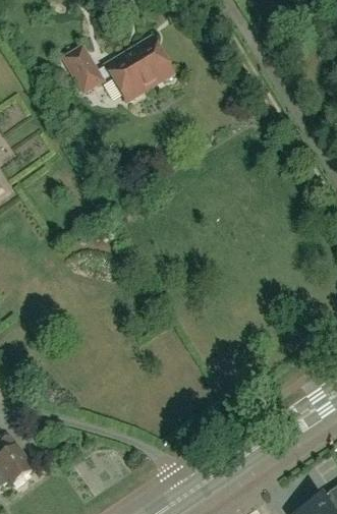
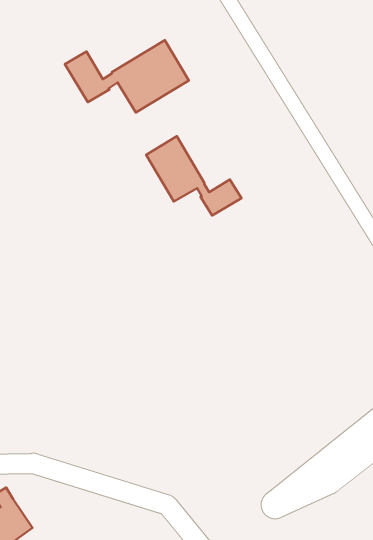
building: none -> [146,136,241,216]

